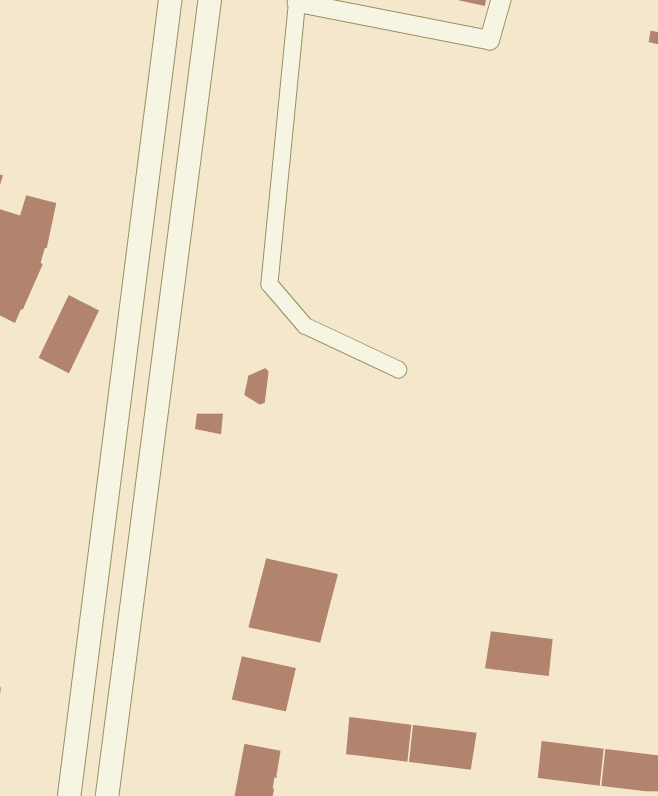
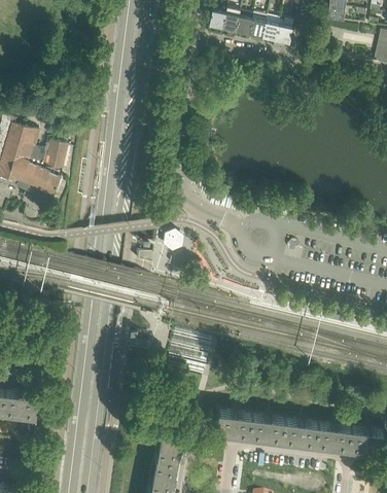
building: [38,294,100,374] -> none
building: [484,631,554,676] -> [282,423,318,447]
building: [231,656,297,712] -> none

